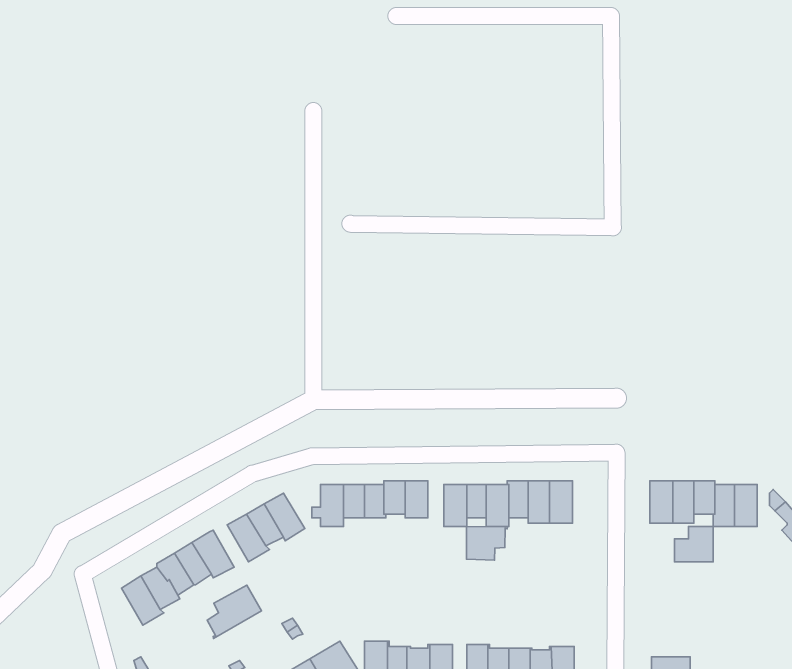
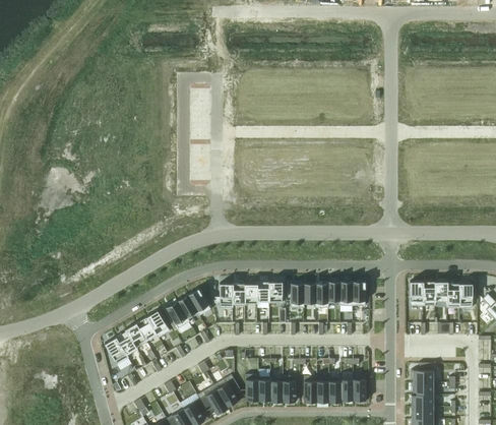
building: [466,527,508,560] -> none
building: [674,527,713,562] -> [412,364,434,384]
building: [207,585,262,638] -> none

